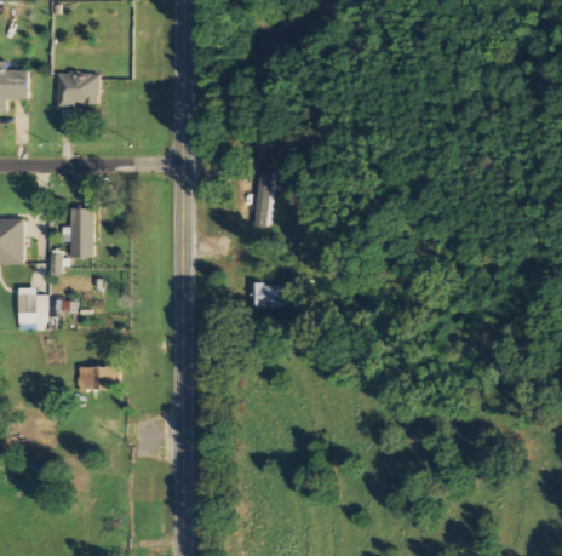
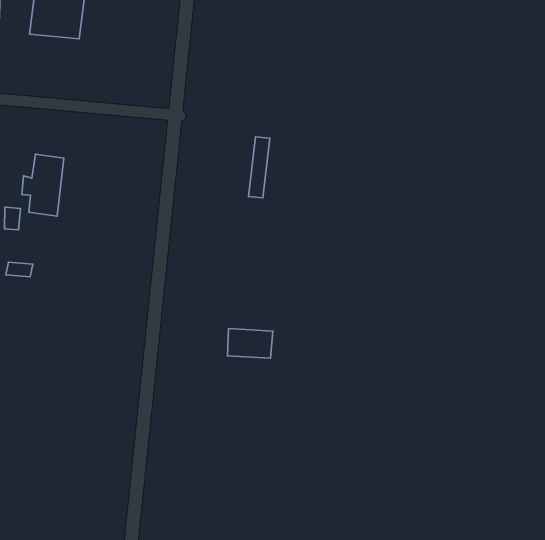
building: [250,283,287,308] -> [227,329,273,358]
building: [79,366,115,391] -> none

